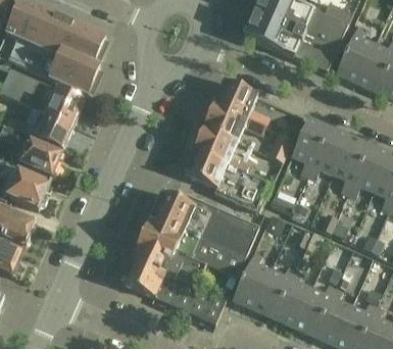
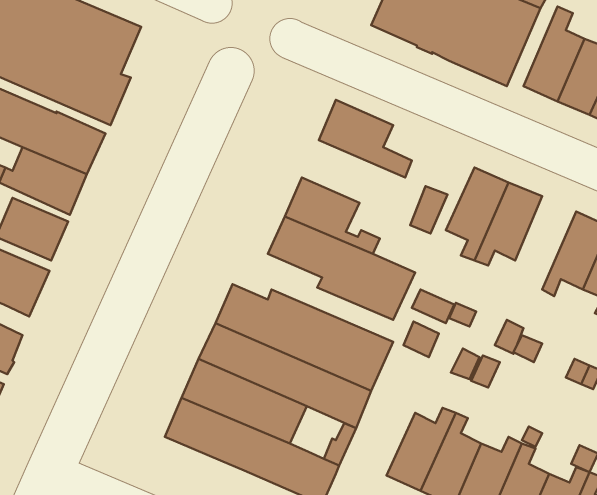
building: [202,103,264,141] -> none
building: [331,137,367,193] -> none
building: [233,249,271,305] -> none

